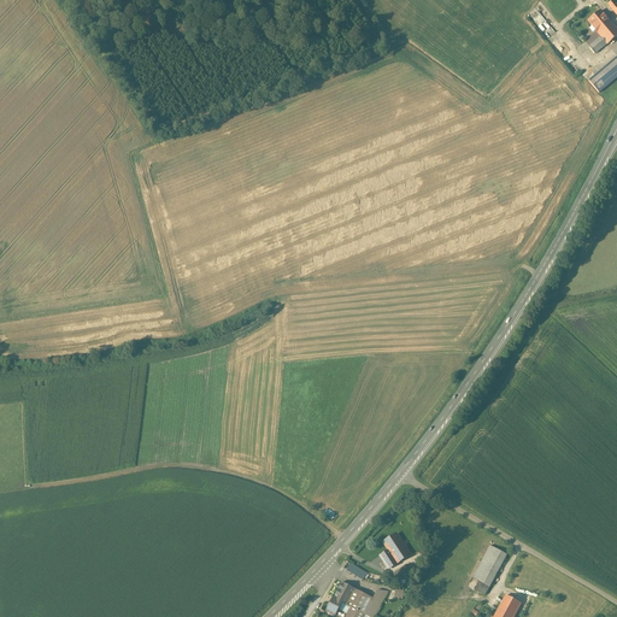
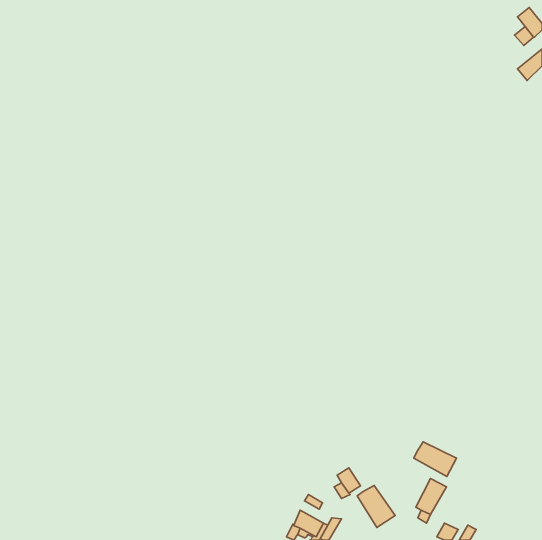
building: none -> [414,442,457,476]
building: none -> [357,485,395,528]

